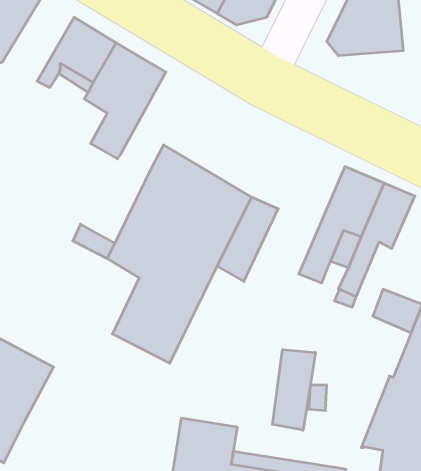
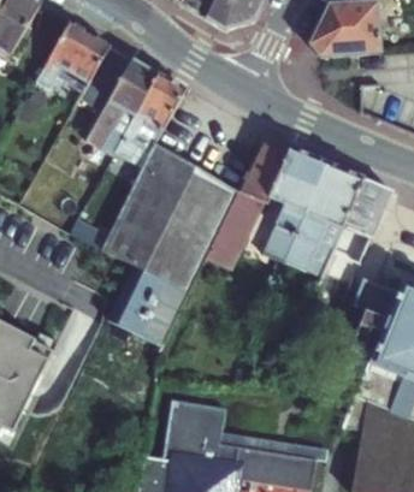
building: none -> [116,72,187,166]
building: none -> [239,135,327,262]
building: [272,350,315,430] -> none

